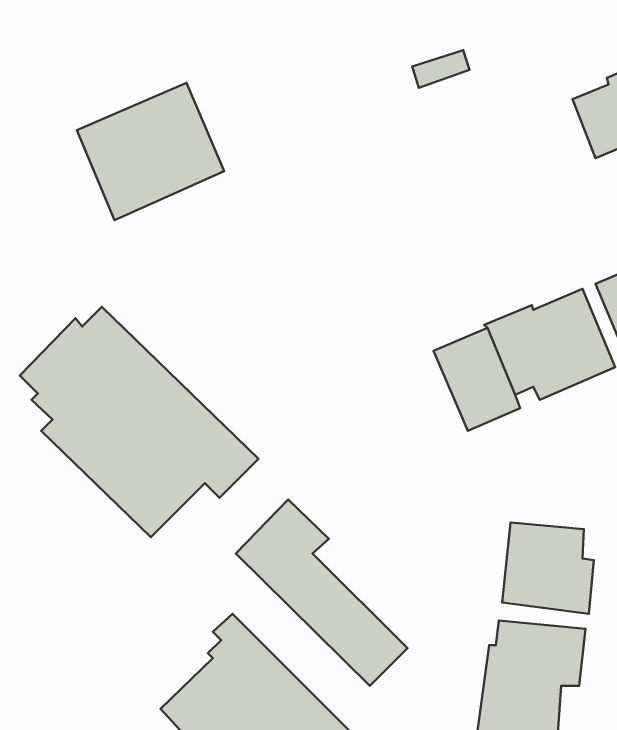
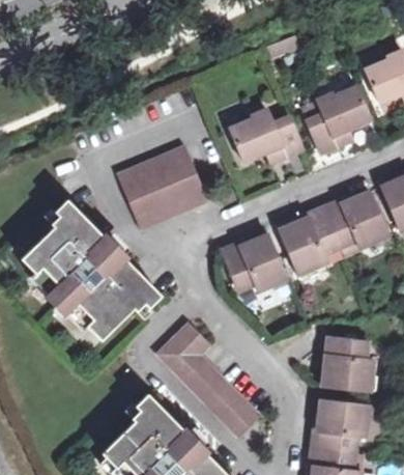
building: [77,83,224,220] -> [114,144,207,231]
building: none -> [300,83,376,157]
building: none -> [229,105,307,165]
building: none -> [219,231,290,294]

